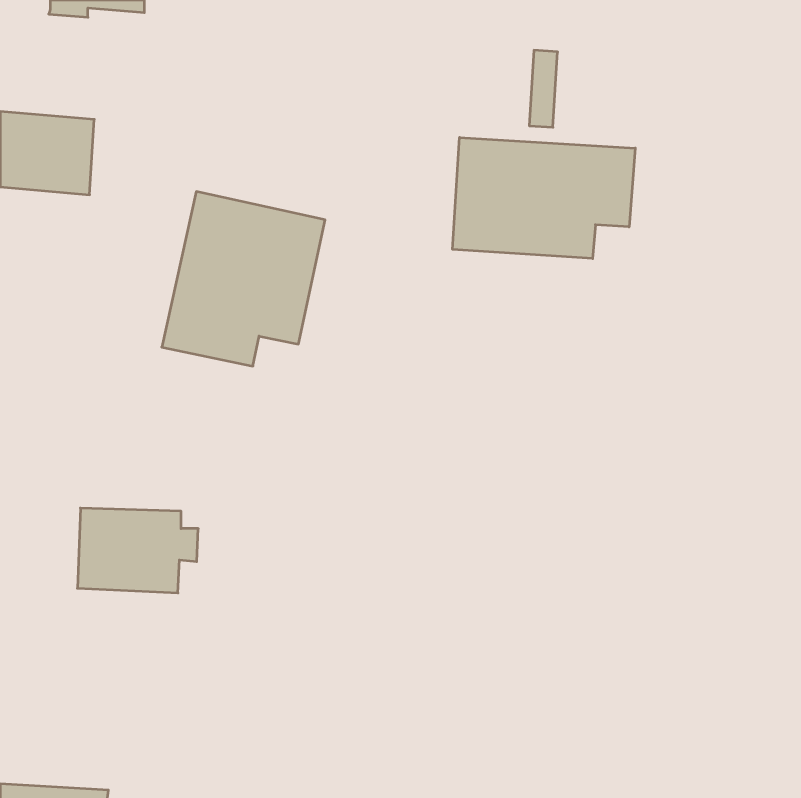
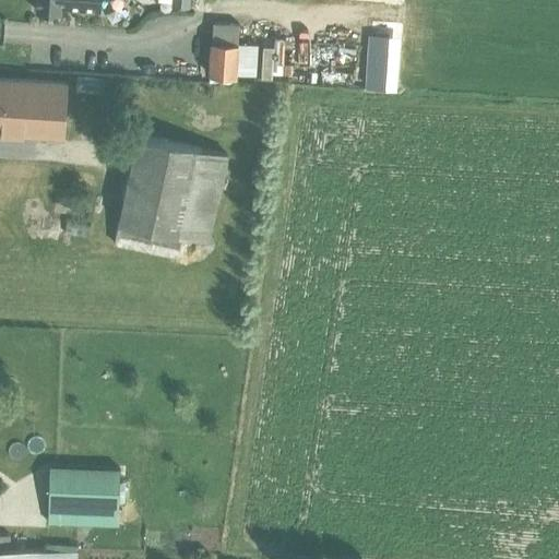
building: none -> [209,24,258,78]
building: [453,137,635,259] -> none
building: [77,508,198,593] -> [47,468,131,527]

